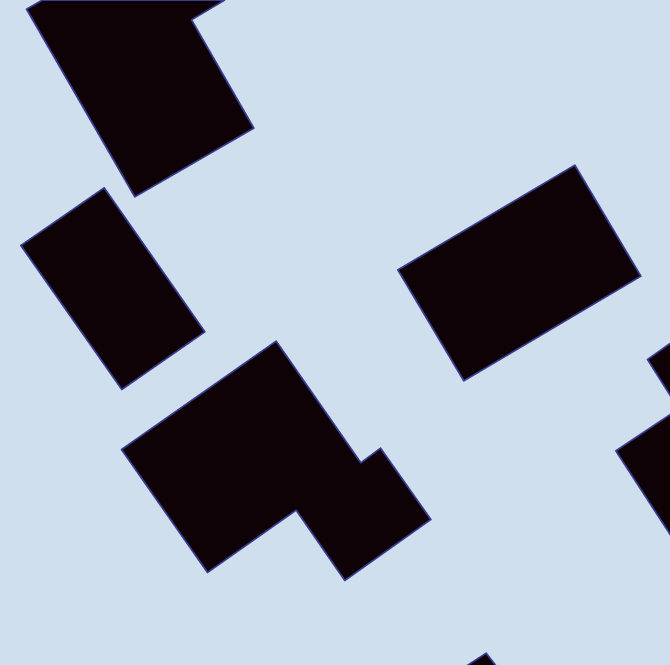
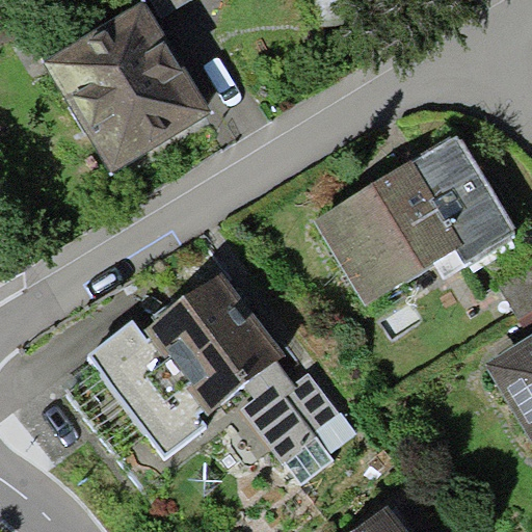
building: [21,188,205,390] -> none

